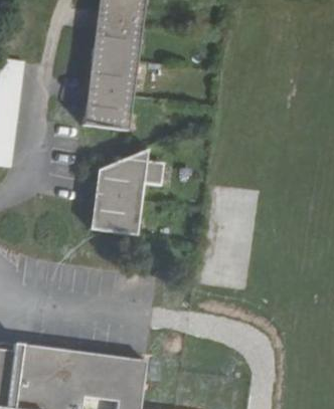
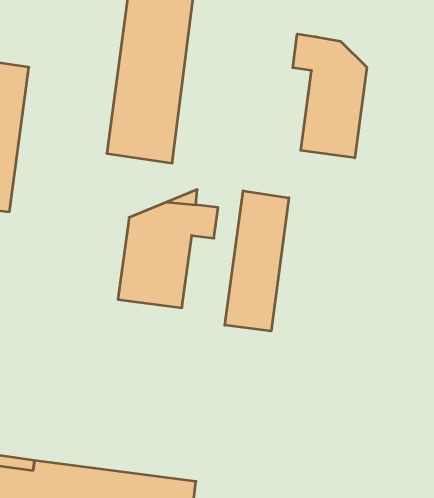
building: none -> [293,34,367,158]
building: none -> [225,191,289,331]

